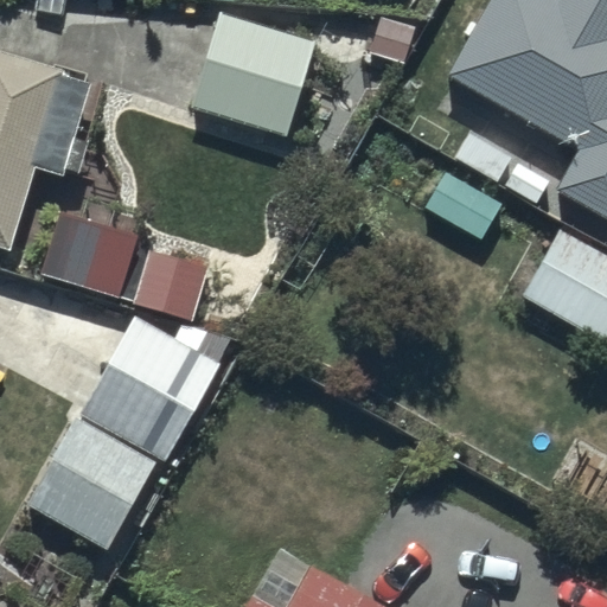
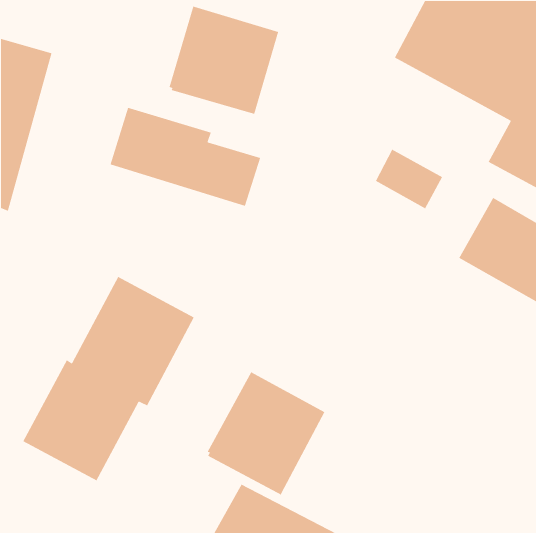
building: [41,207,212,320] -> [110,107,261,207]
building: none -> [207,371,326,496]

